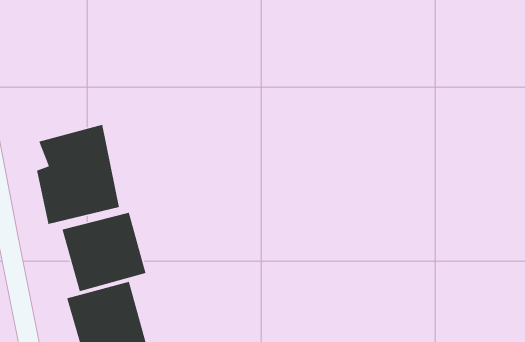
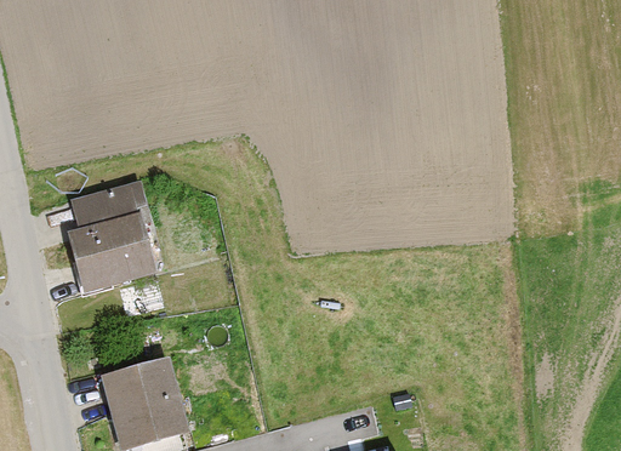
building: [62,212,146,292] -> none

